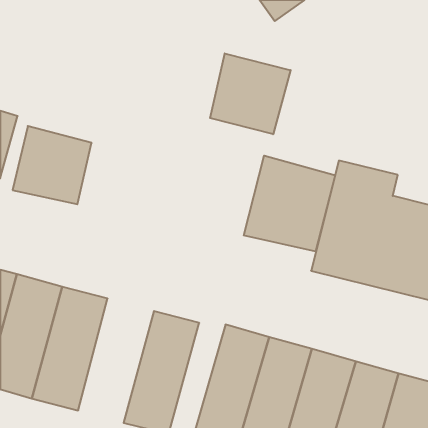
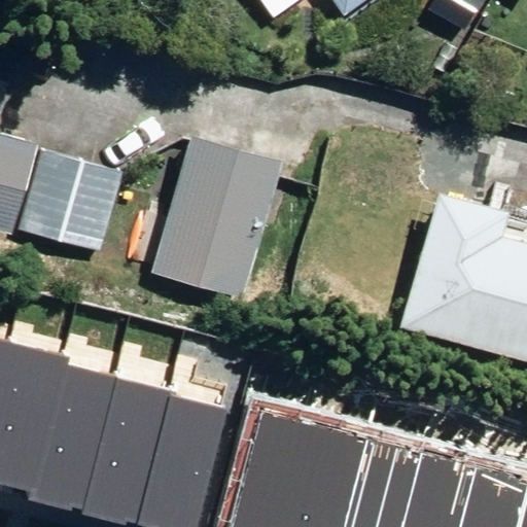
building: [210,53,291,134] -> none
building: none -> [150,141,273,302]
building: [244,156,335,251] -> none
building: none -> [98,367,190,520]

